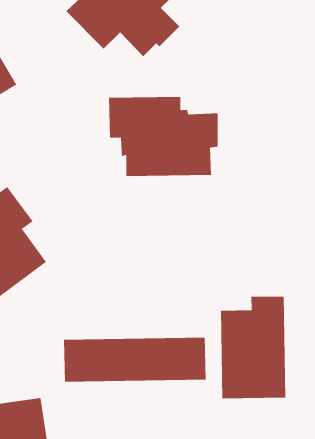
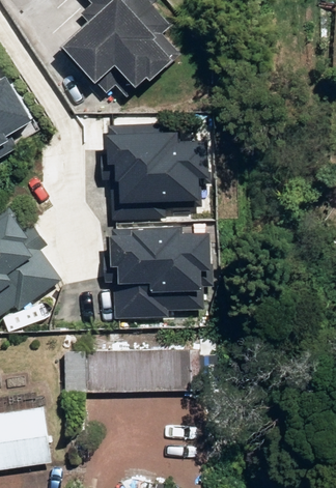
building: none -> [103,225,211,326]
building: [220,296,286,399] -> none

